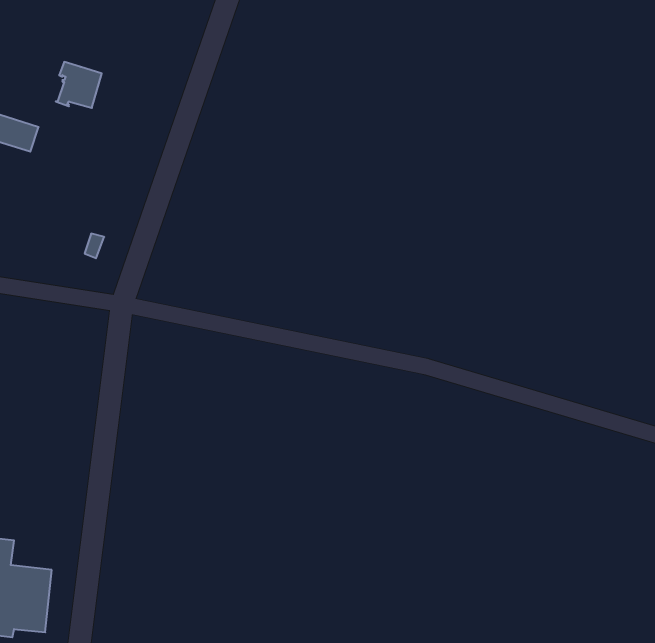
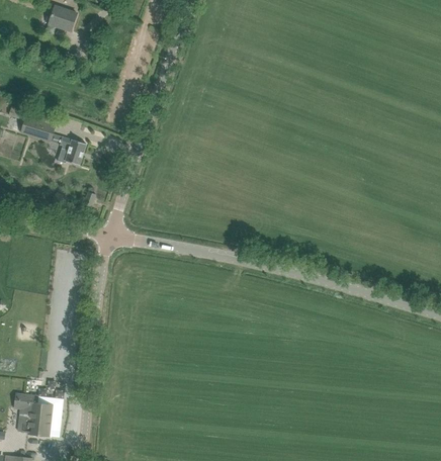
building: [56,62,102,108] -> [57,135,85,164]

